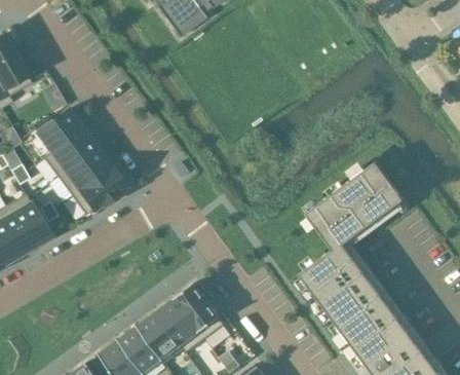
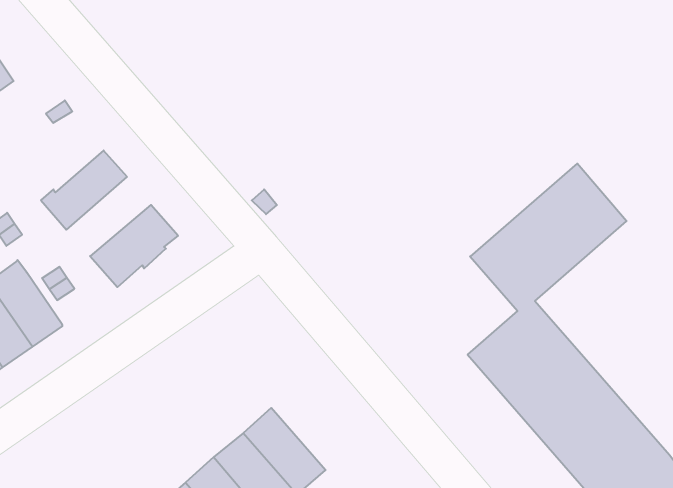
building: [37,109,83,153] -> none
building: [56,147,110,194] -> none
building: [175,283,225,338] -> none

